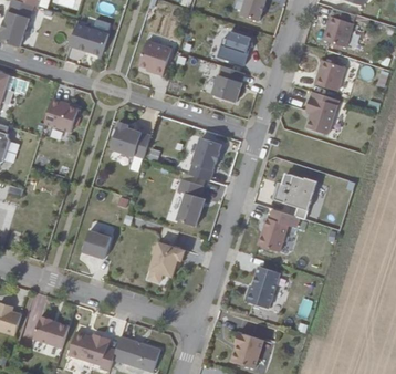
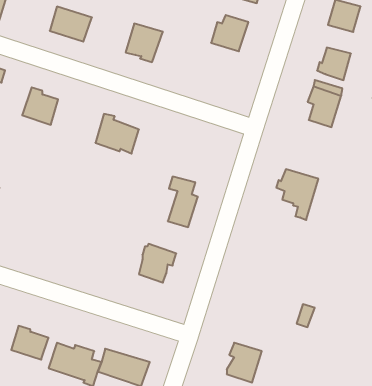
building: [211,65,247,102] -> none
building: [188,136,221,180] -> none
building: [258,208,299,251] -> none
building: [82,230,111,258] -> none
building: [246,266,280,309] -> none

